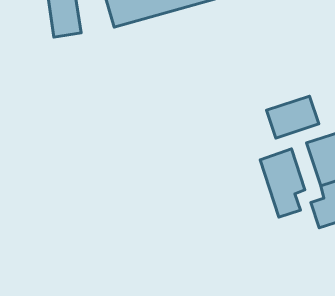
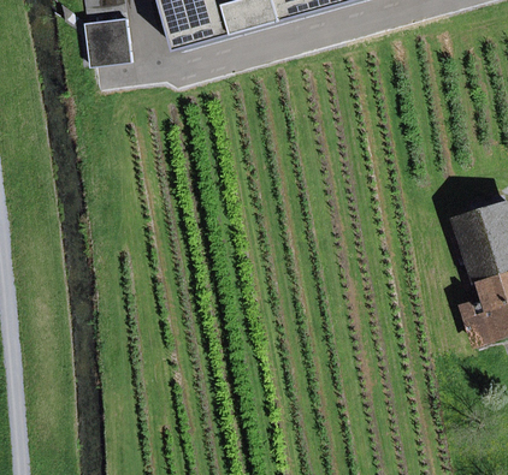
building: [267,96,319,138] -> none
building: [260,149,305,217] -> none

